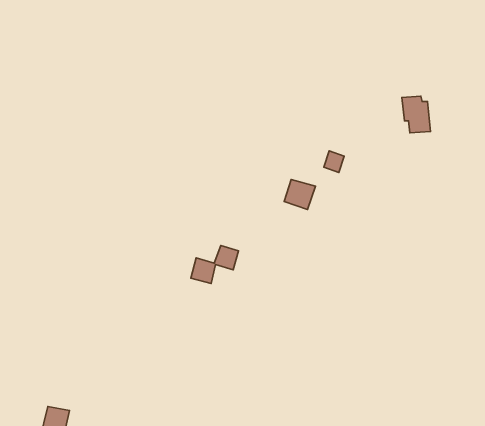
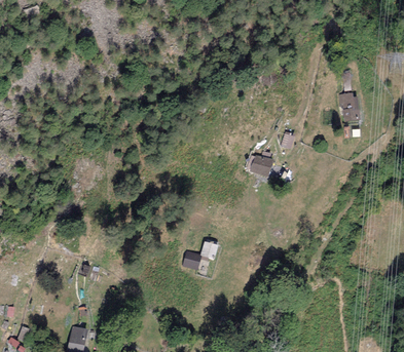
building: [191,245,239,284] -> [182,241,218,270]

